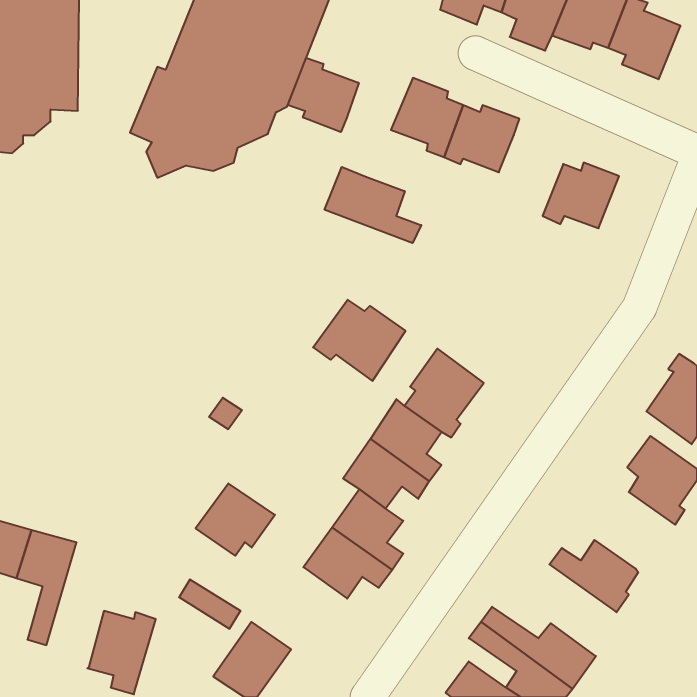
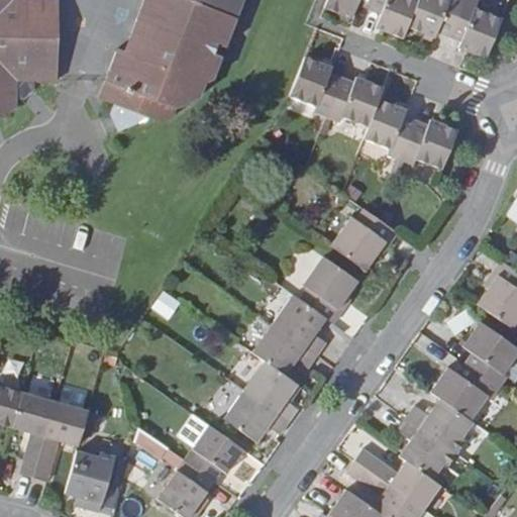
building: [288,58,359,132] -> none
building: none -> [365,100,416,160]
building: [325,167,421,243] -> none
building: none -> [331,209,398,270]
building: [313,300,405,381] -> none
building: [196,483,275,556] -> [186,426,244,480]
building: none -> [430,364,499,420]
building: none -> [34,401,88,481]
building: none -> [398,417,455,480]

